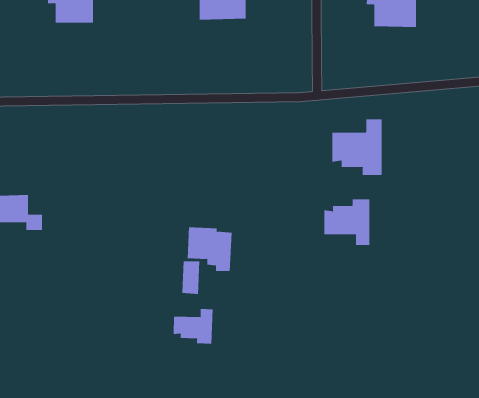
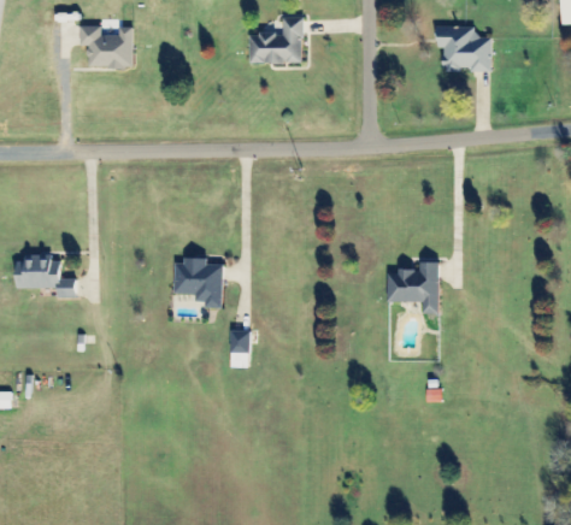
building: [332,118,382,176] -> none
building: [187,227,233,271] -> [173,258,224,307]
building: [173,308,213,344] -> none

